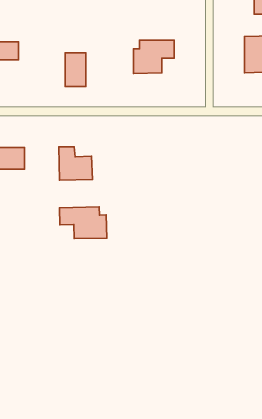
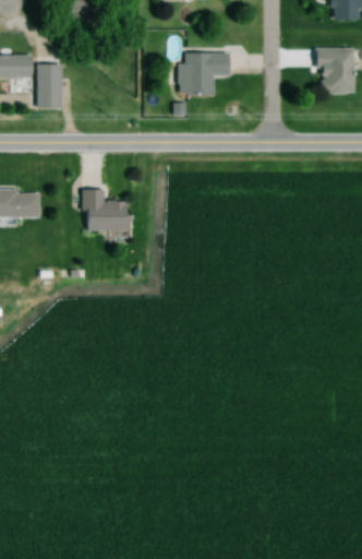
building: [65,53,86,87] -> [37,66,63,108]
building: [59,207,107,238] -> none

